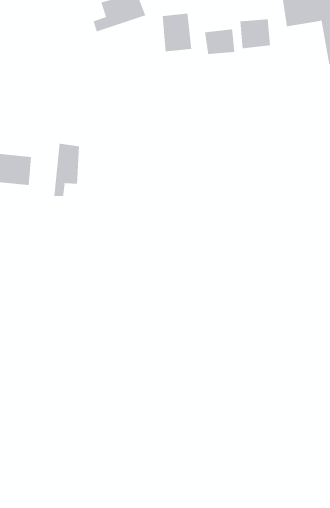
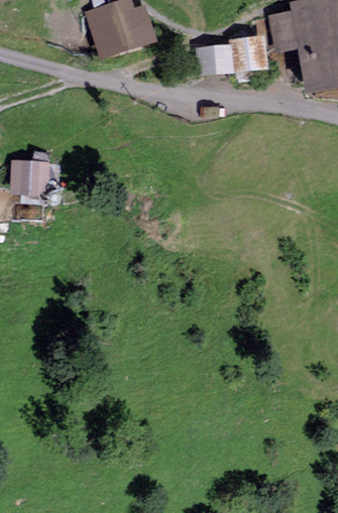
building: [162,13,192,52] -> none
building: [54,143,80,197] -> none

